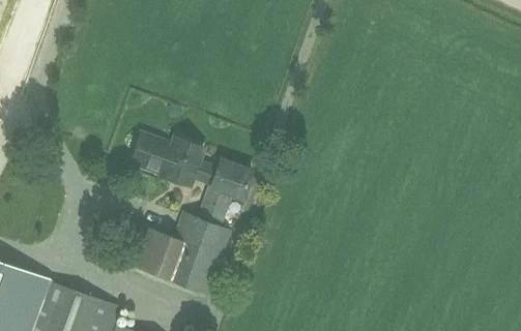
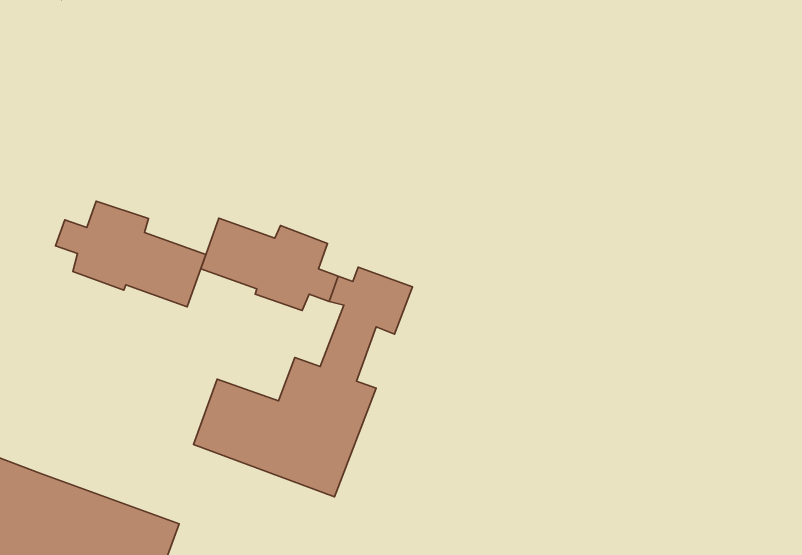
building: none -> [56,201,206,307]

